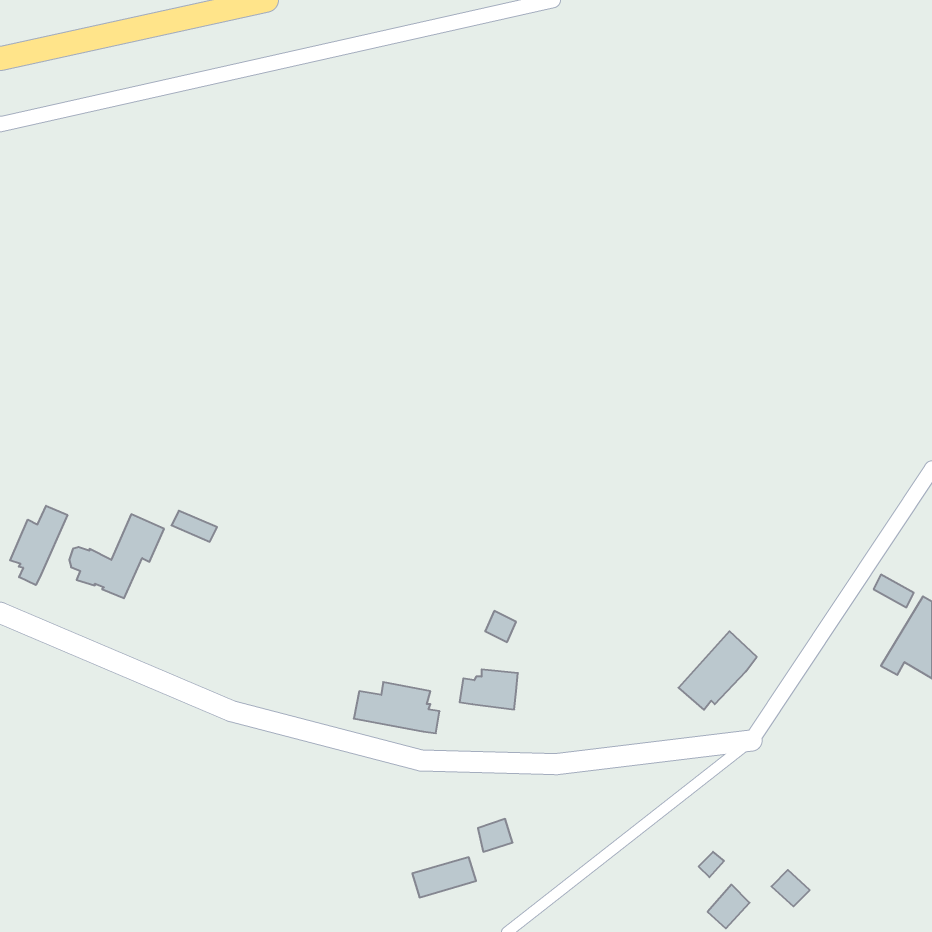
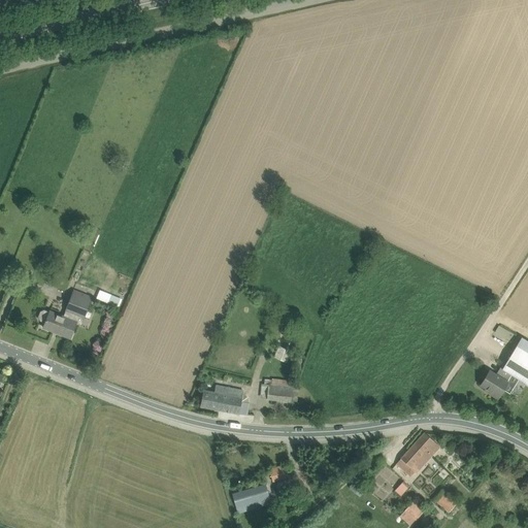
building: [10,506,67,585] -> none
building: [678,631,757,710] -> [396,432,440,476]
building: none -> [481,370,508,399]

